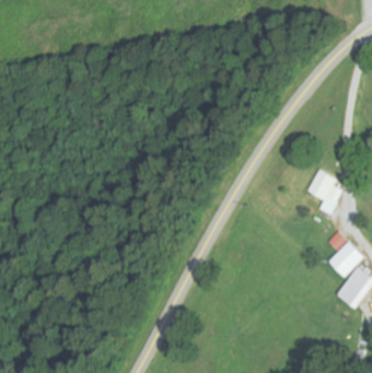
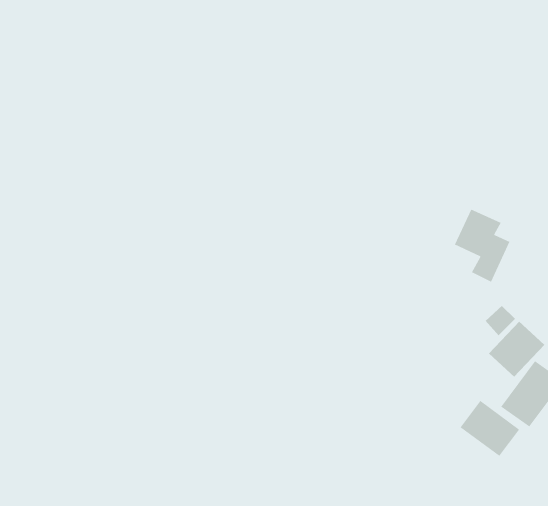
building: none -> [460,400,520,457]

